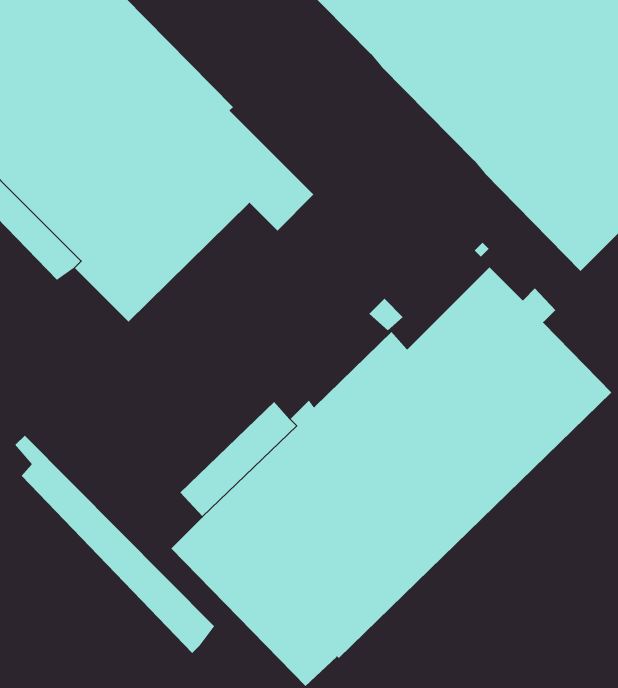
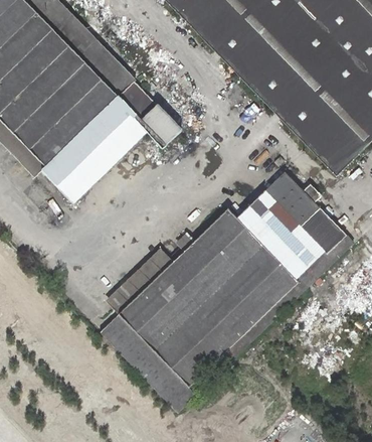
building: [14,435,215,654] -> none

